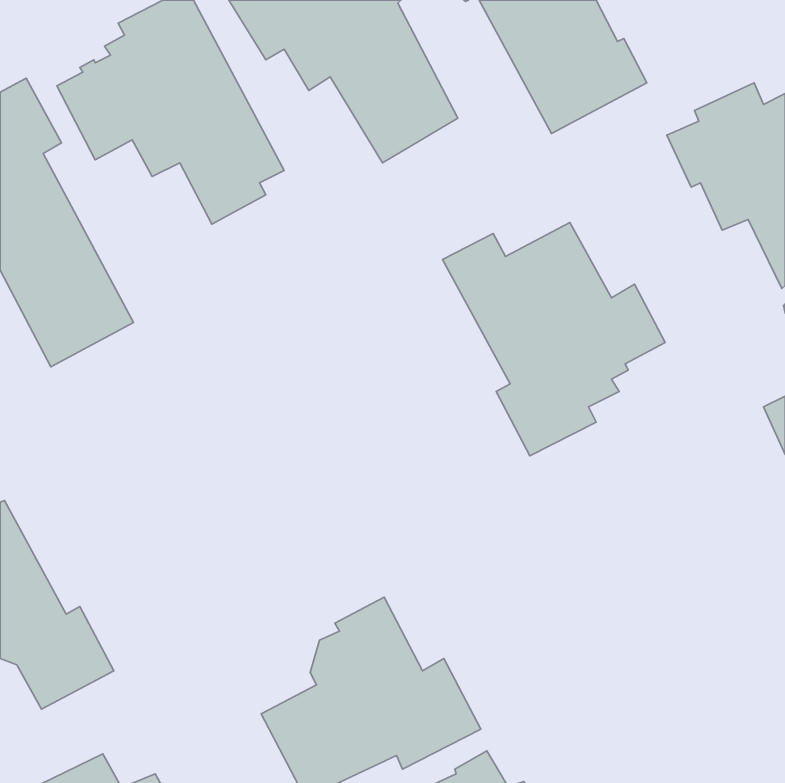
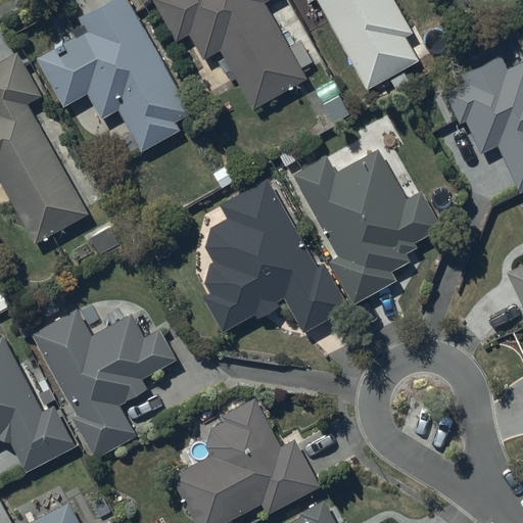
building: none -> [204,178,350,333]
building: none -> [31,308,177,458]

